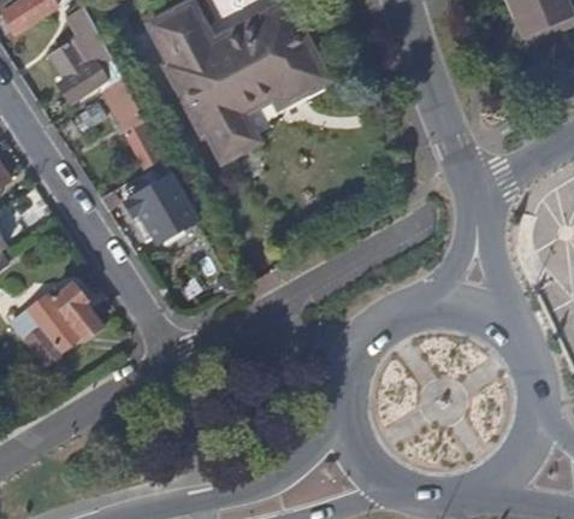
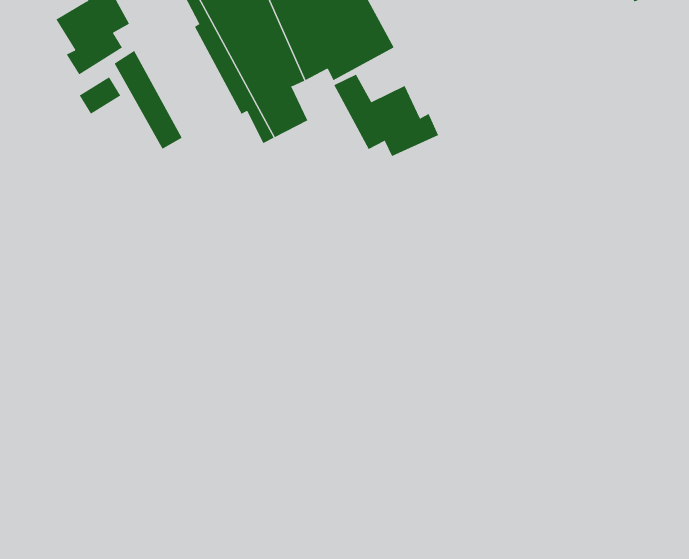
building: none -> [333,74,439,157]
building: [120,158,191,238] -> none
building: [11,277,103,362] -> none

